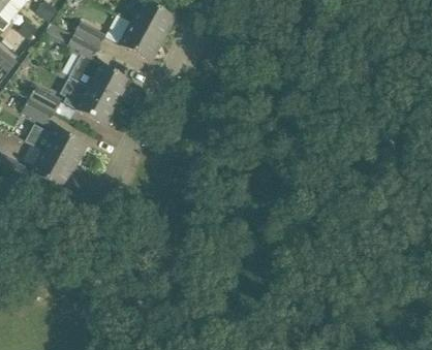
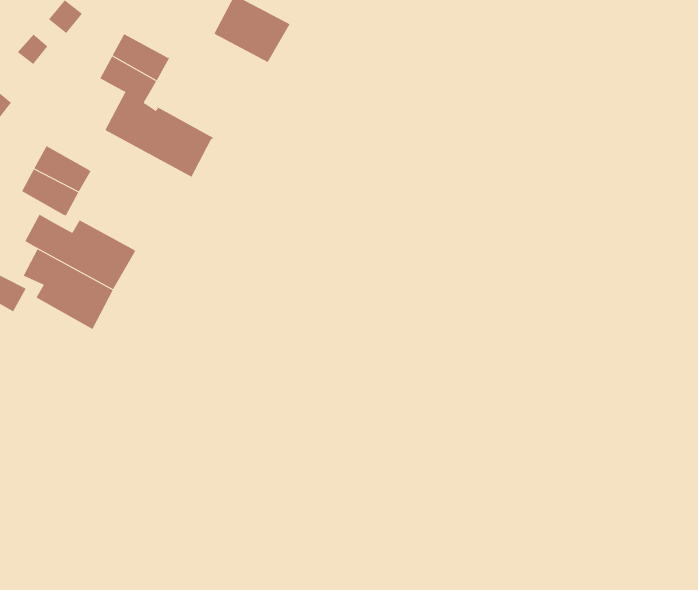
building: [117,21,161,61] -> none
building: [59,75,118,125] -> none

